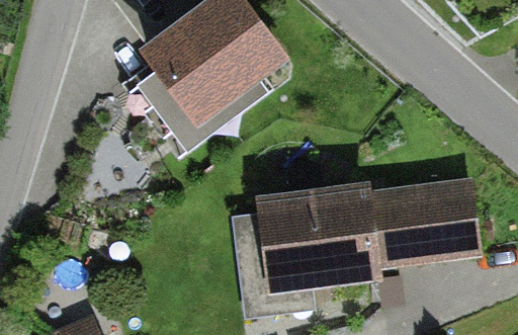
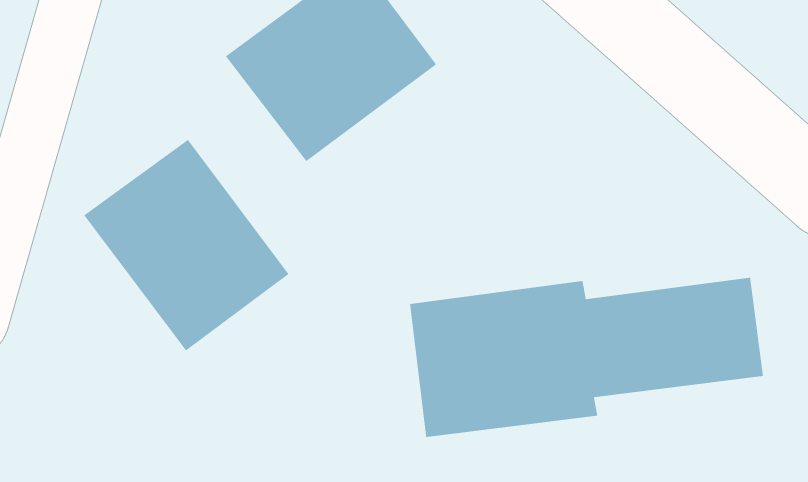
building: none -> [83,139,289,351]

